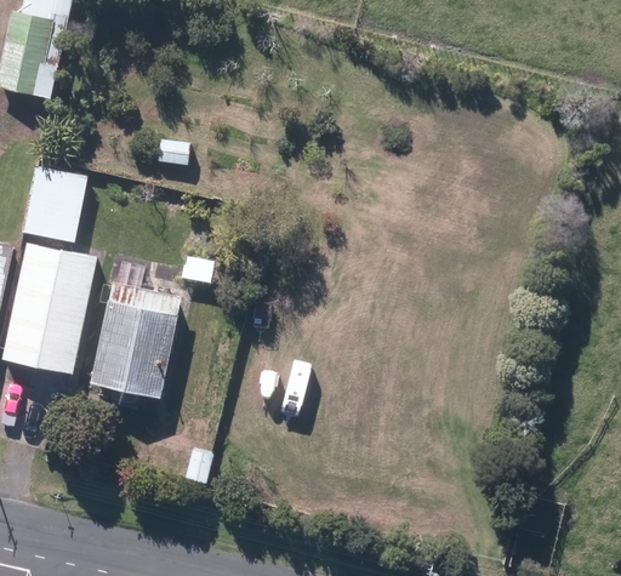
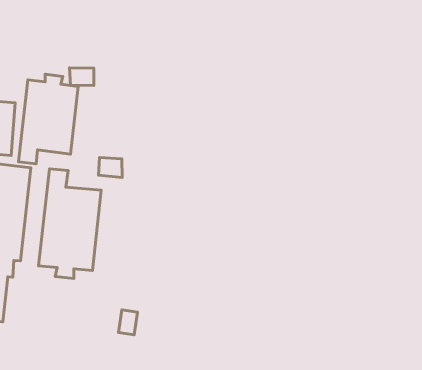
building: none -> [19,74,78,164]

